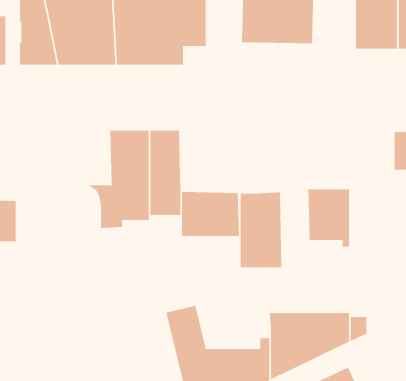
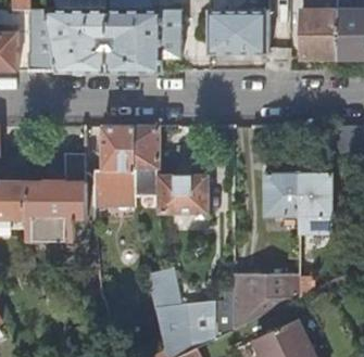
building: none -> [26,153,87,242]
building: [240,192,282,268] -> [299,173,334,234]

